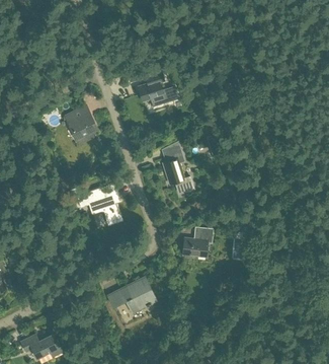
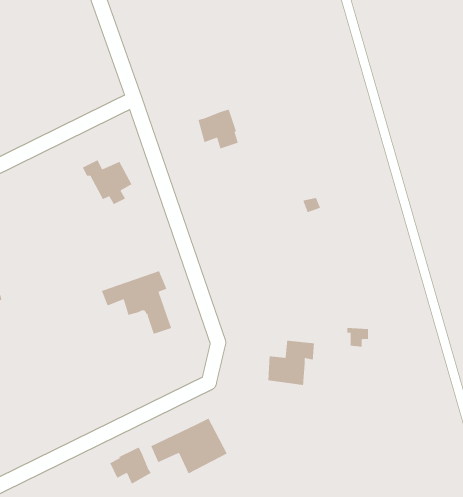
building: [163,151,193,191] -> none
building: none -> [109,446,152,485]

